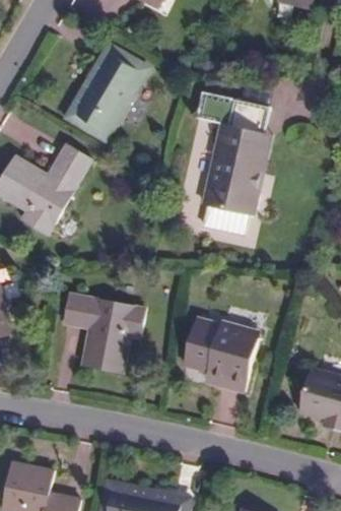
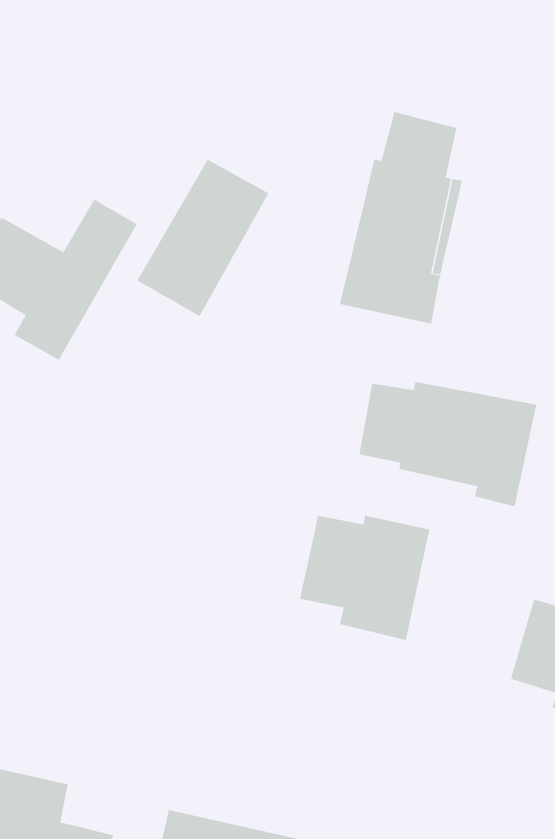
building: [71,46,145,134] -> [136,159,269,317]
building: none -> [359,381,537,507]
building: [63,294,155,376] -> none

